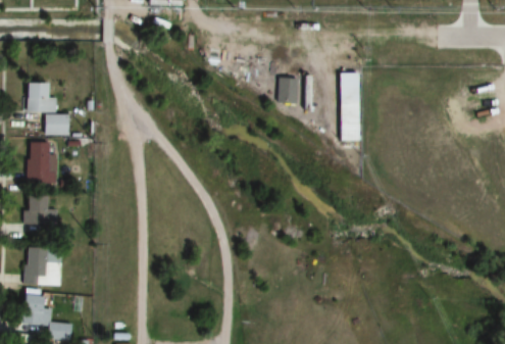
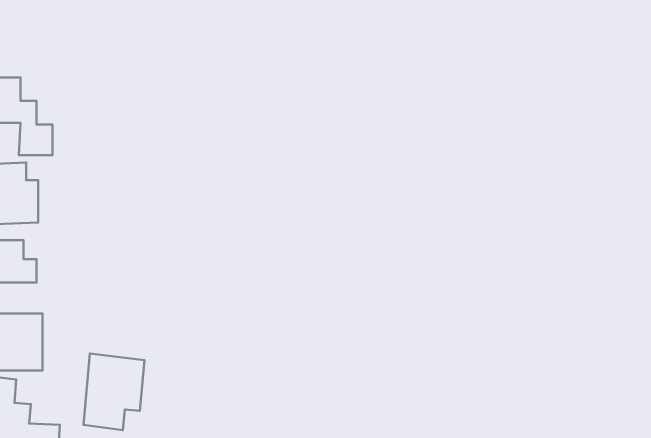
building: [340,73,361,140] -> none
building: [279,78,300,104] -> none
building: none -> [83,353,145,430]

